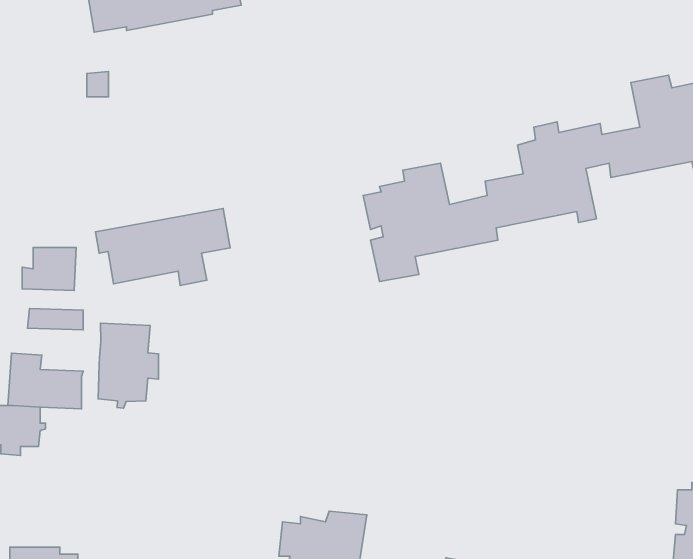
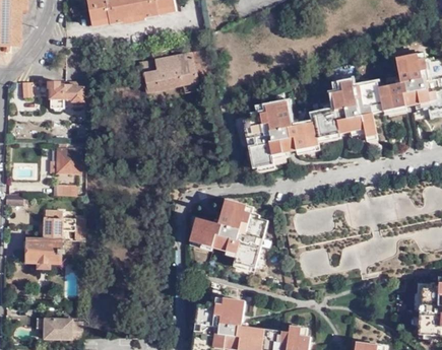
building: none -> [46,81,87,108]
building: [96,208,230,286] -> [136,49,212,92]
building: [98,323,159,408] -> none
building: none -> [191,201,267,269]

